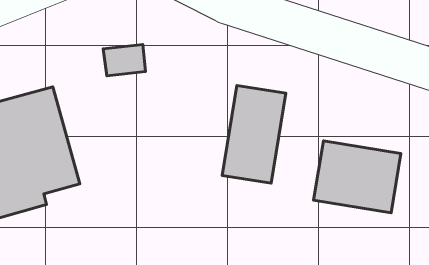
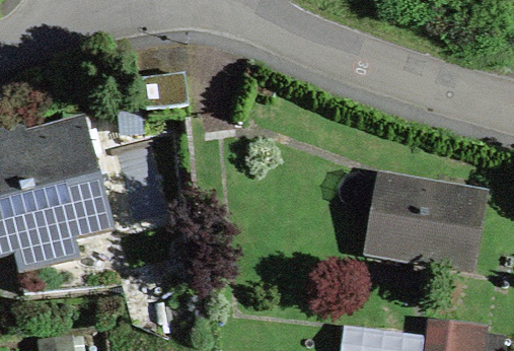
building: [222,85,286,183] -> none

